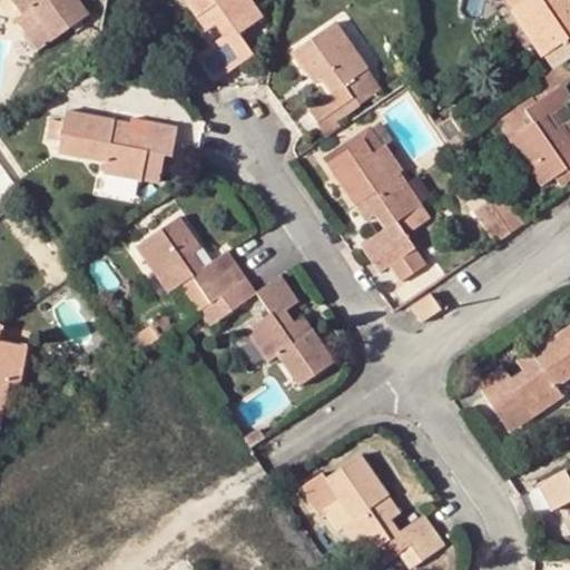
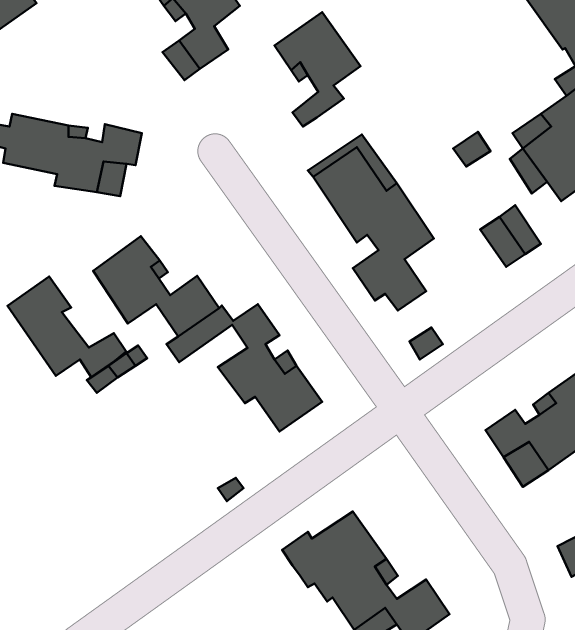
building: [318,69,383,137] -> none
building: none -> [8,276,126,377]

